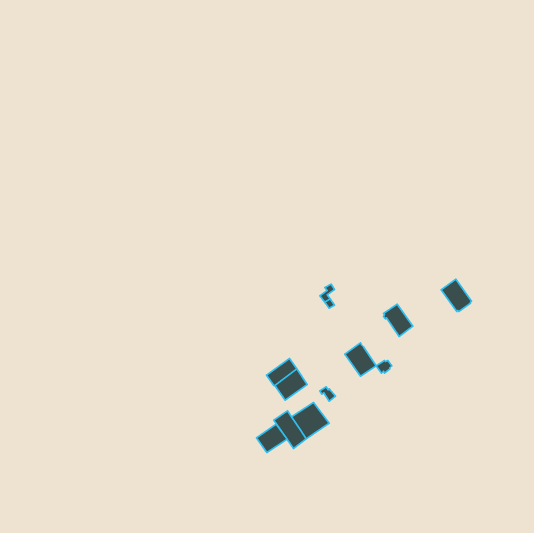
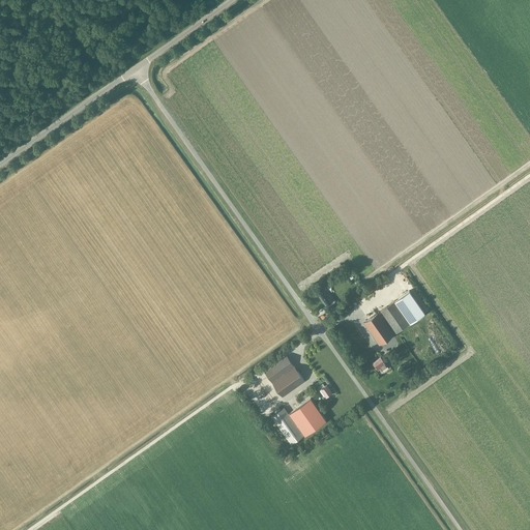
building: [441,279,471,312] -> [394,292,424,324]
building: [345,343,376,376] -> [363,313,394,346]
building: [257,424,287,453] -> none

